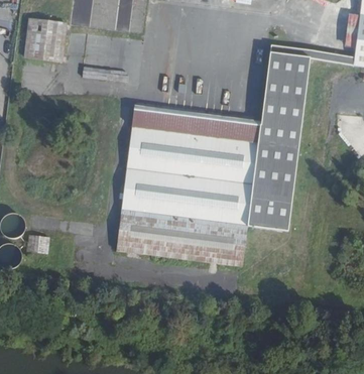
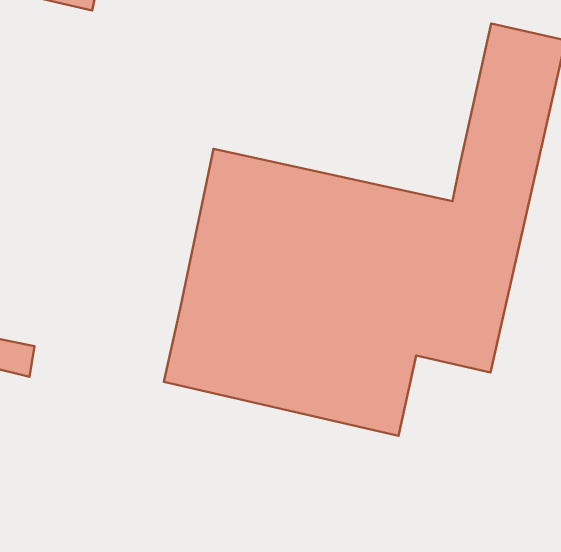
building: [132,107,260,141] -> none

